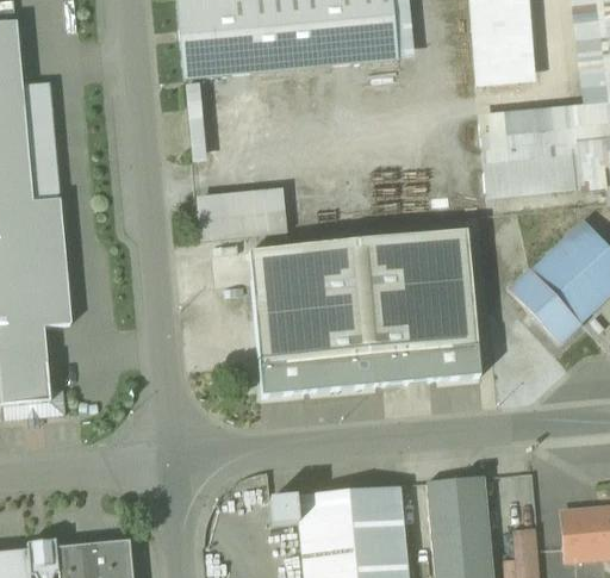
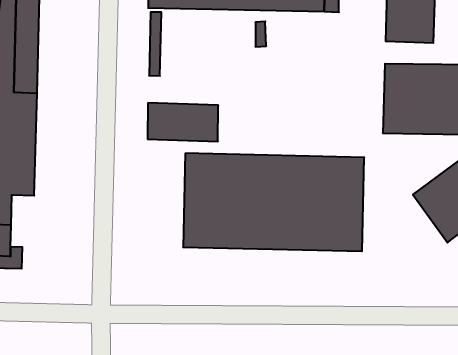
building: [508,267,581,343] -> none
building: [260,344,480,394] -> none

